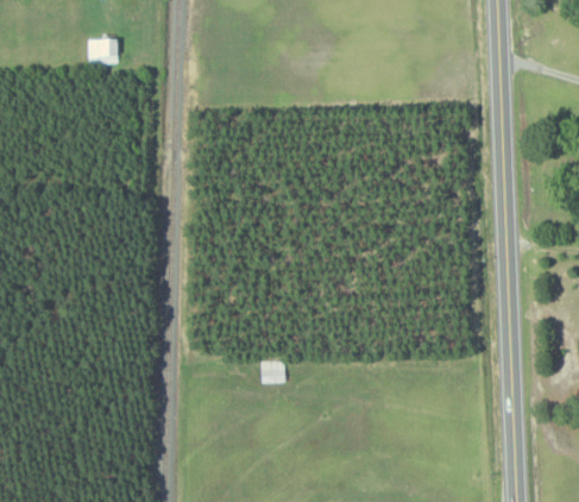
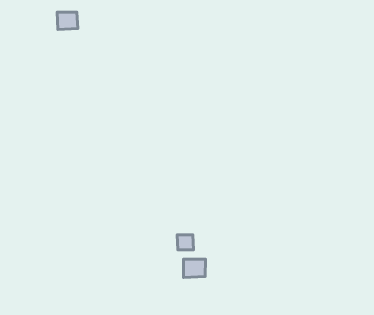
building: none -> [184,259,205,277]

